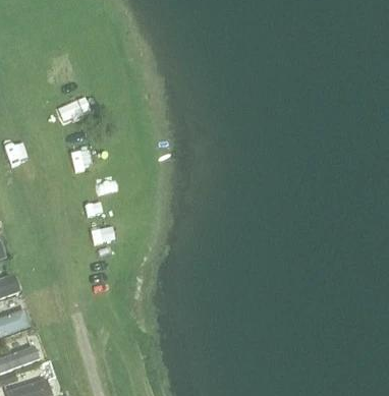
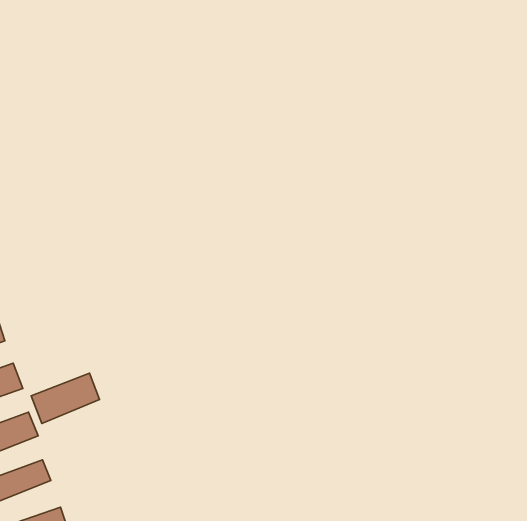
building: none -> [31,373,99,423]

